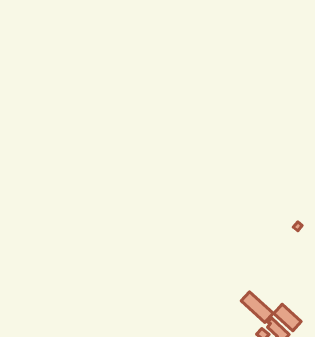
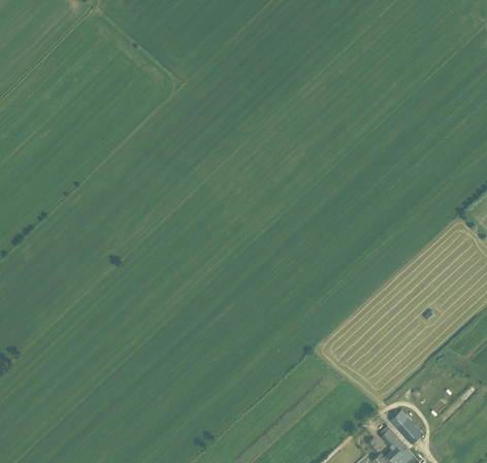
building: [241,292,273,322] -> none

